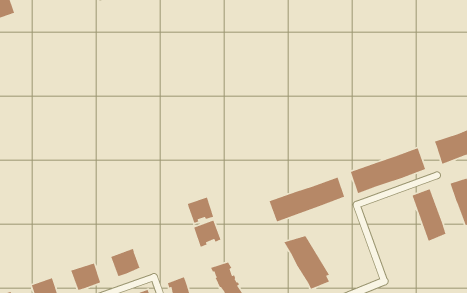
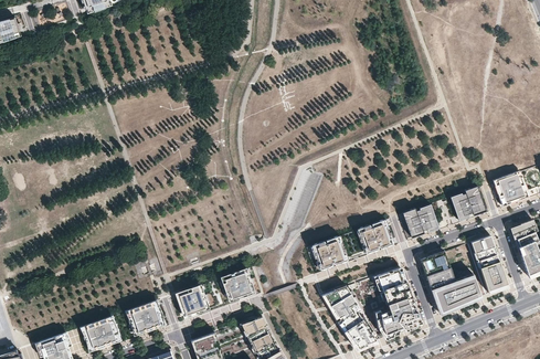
building: [187,197,214,224] -> [177,286,208,317]
building: none -> [420,251,481,314]
building: none -> [374,270,420,337]

